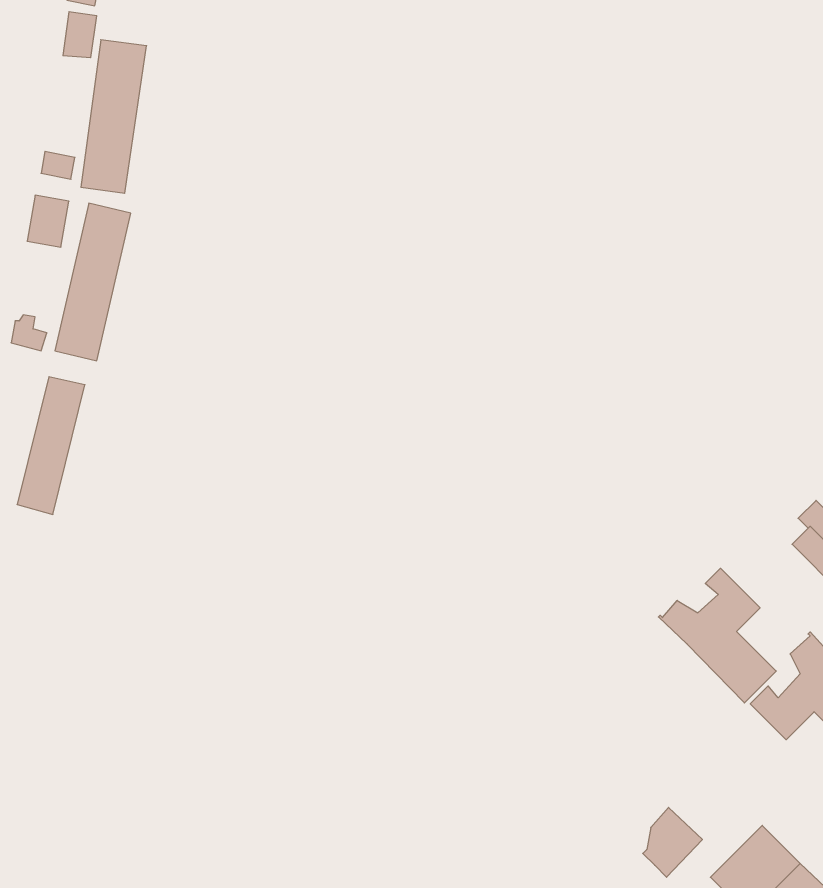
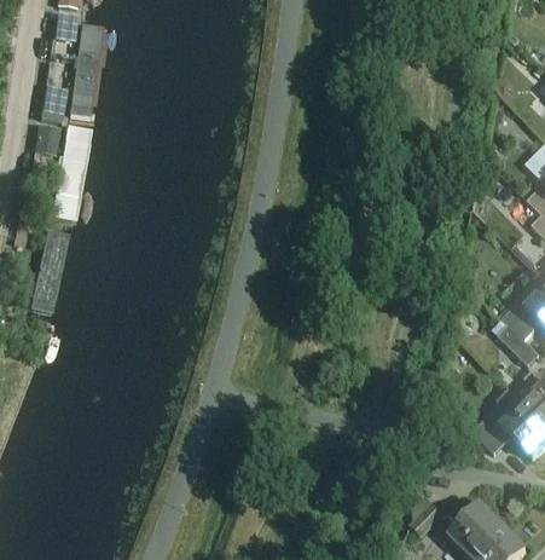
building: [658,568,776,703] -> none

